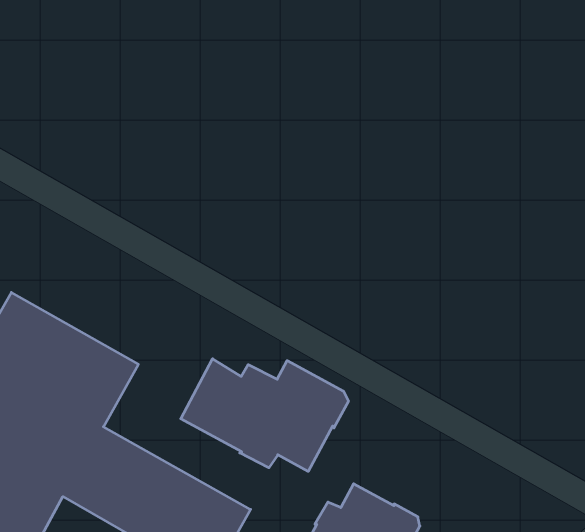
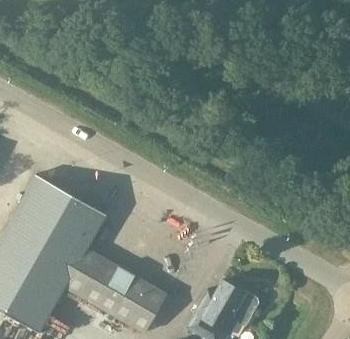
building: [181,359,348,471] -> none

